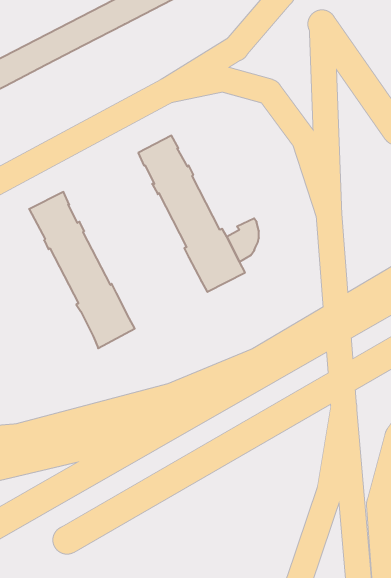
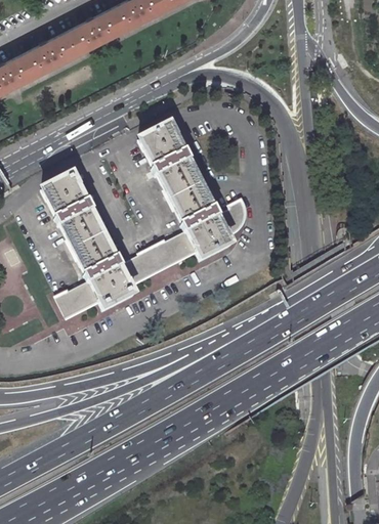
building: none -> [123,232,199,287]
building: none -> [58,280,102,319]

